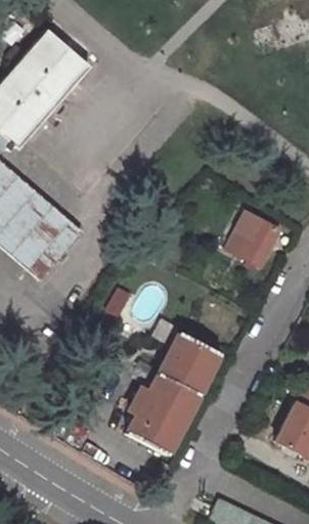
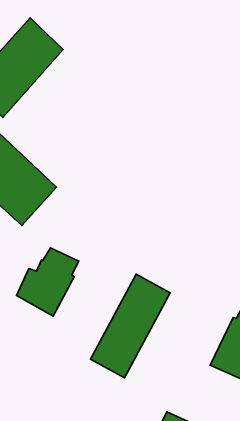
building: [223,211,275,265] -> none
building: none -> [16,248,79,316]

